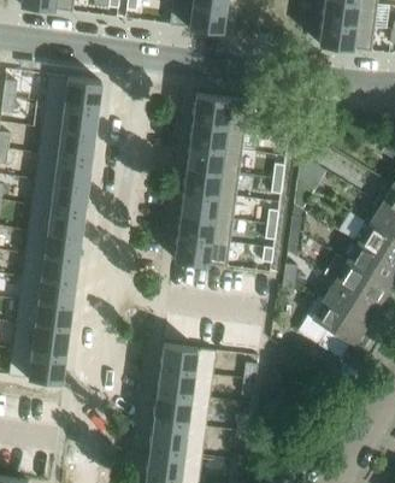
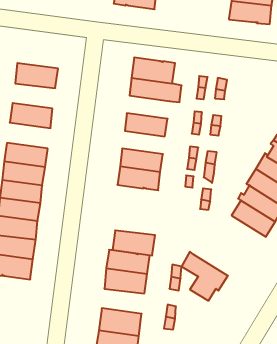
building: [45,75,101,108] -> none
building: [39,128,94,160] -> none
building: [187,143,242,173] -> none
building: [31,178,88,212] -> none
building: [181,189,236,219] -> none
building: [307,295,367,359] -> [182,252,228,301]
building: [154,394,210,426] -> [112,230,155,255]

